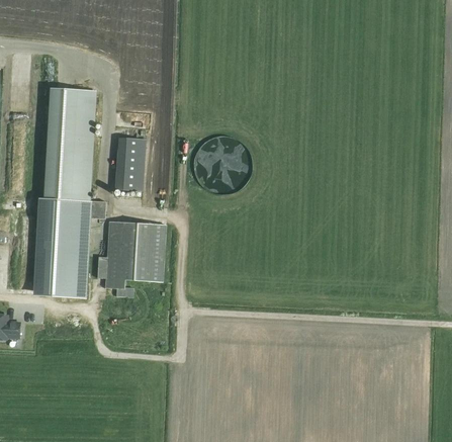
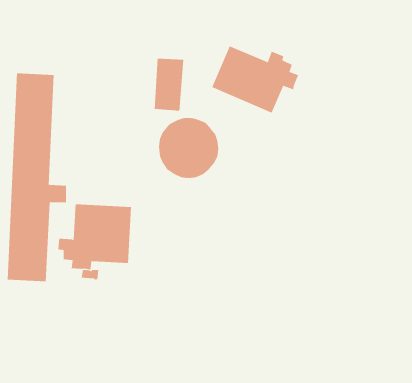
building: none -> [211,46,299,114]
building: [115,137,146,189] -> [154,58,184,111]

